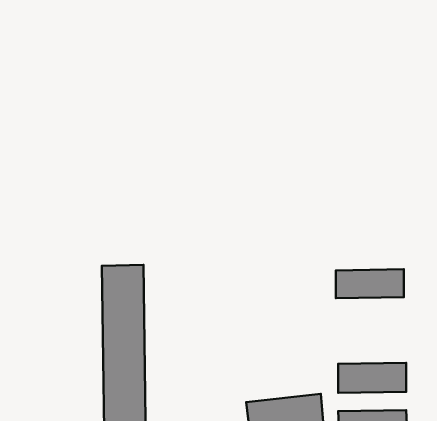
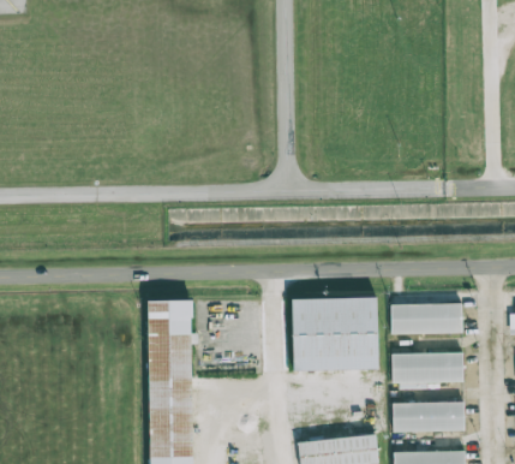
building: none -> [292,297,379,371]
building: none -> [391,352,463,387]

